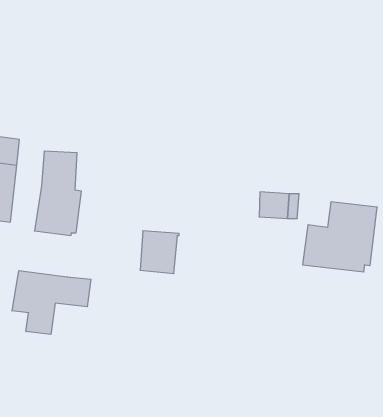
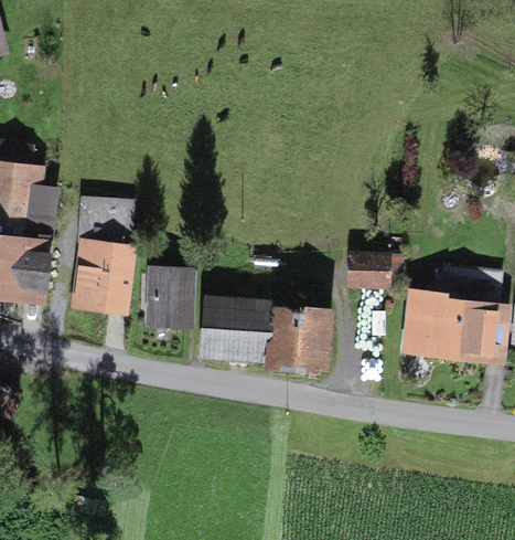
building: none -> [138,273,193,324]
building: none -> [248,310,324,368]
building: [12,271,91,334] -> none

